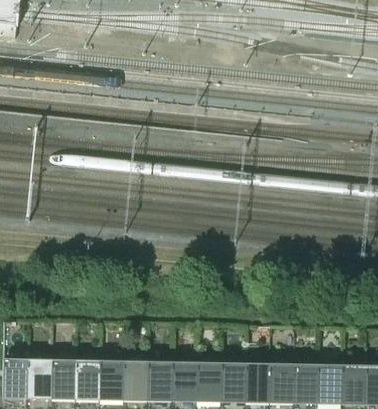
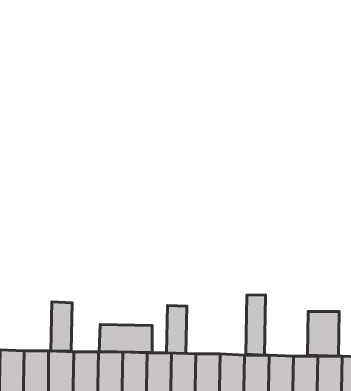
building: none -> [246,295,266,355]
building: none -> [51,302,72,351]
building: none -> [166,305,187,354]
building: none -> [307,311,339,356]
building: none -> [99,324,152,353]

